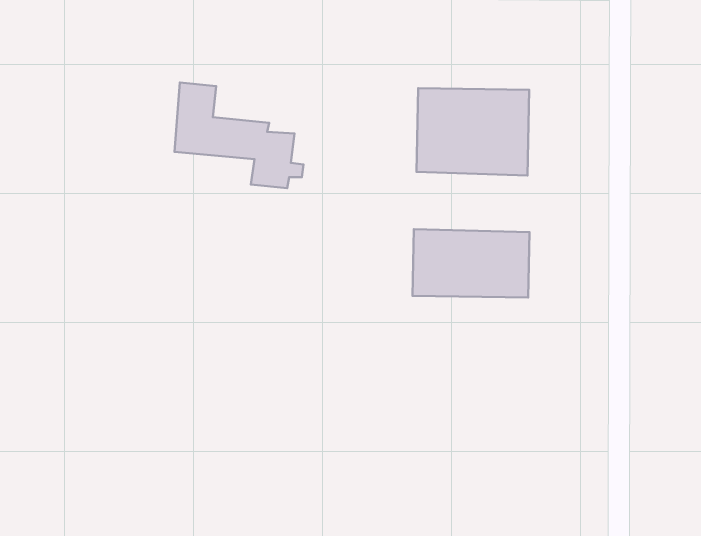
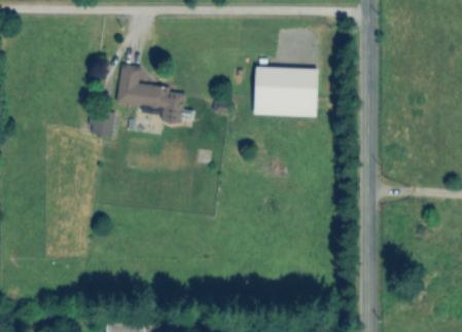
building: [412,229,530,297] -> none

